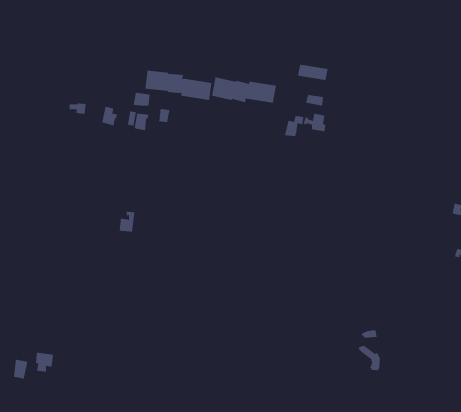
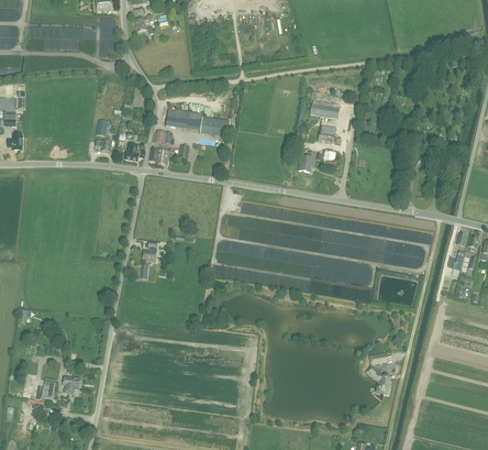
building: [212,77,277,104] -> none

